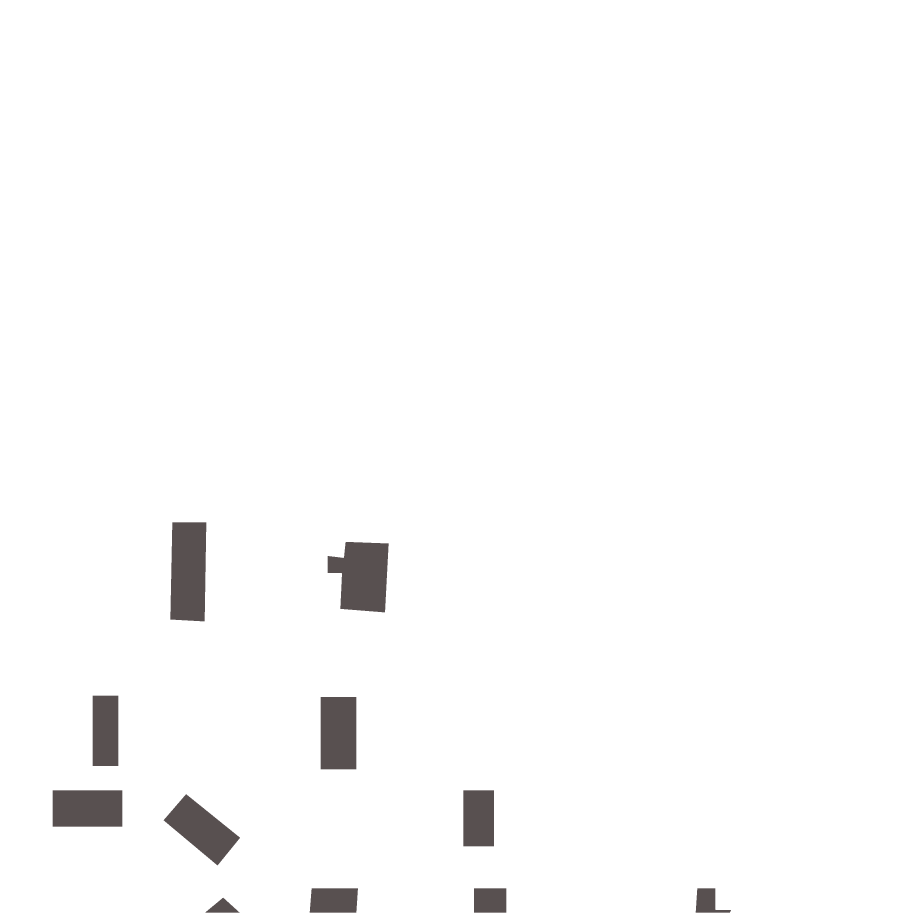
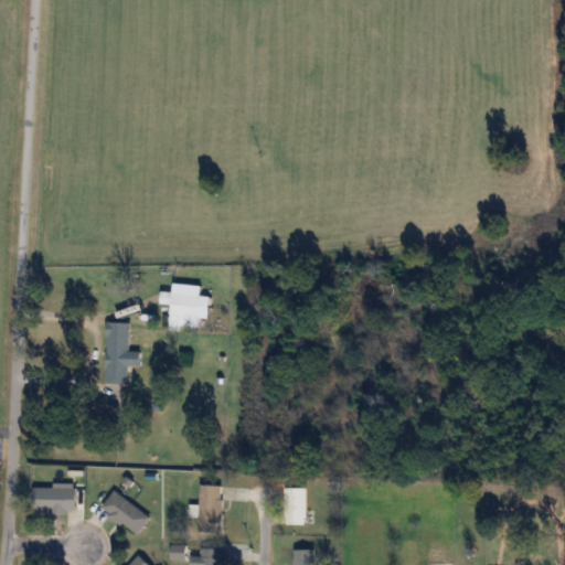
building: [327,541,389,613] -> [161,284,200,328]
building: [92,695,119,767] -> none
building: [320,697,357,770] -> [199,486,222,531]

